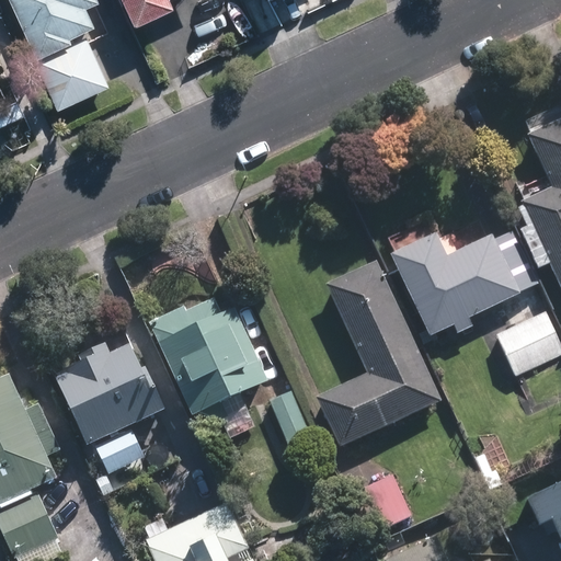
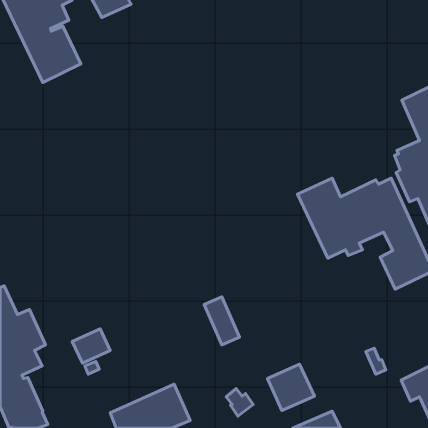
building: [313,261,439,447] -> none
building: [150,297,266,412] -> none
building: [56,341,164,444] -> none

